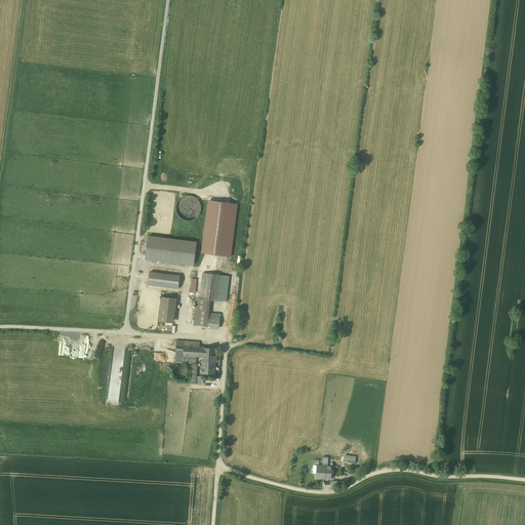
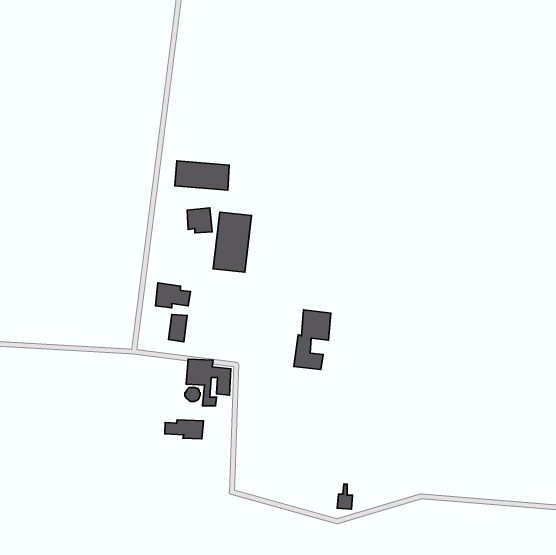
building: [144,237,195,265] -> [175,161,229,190]
building: [194,272,229,328] -> [294,310,331,370]
building: none -> [165,420,204,439]

